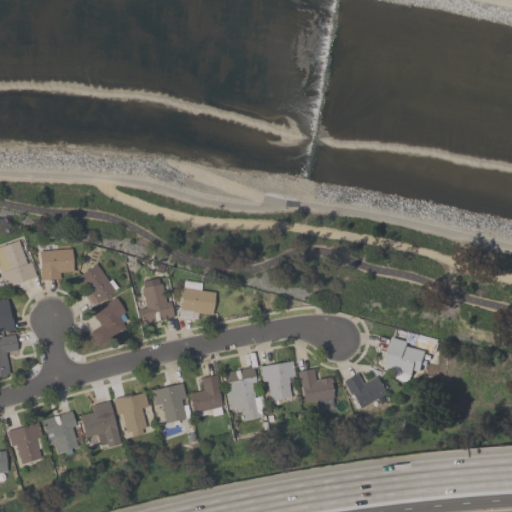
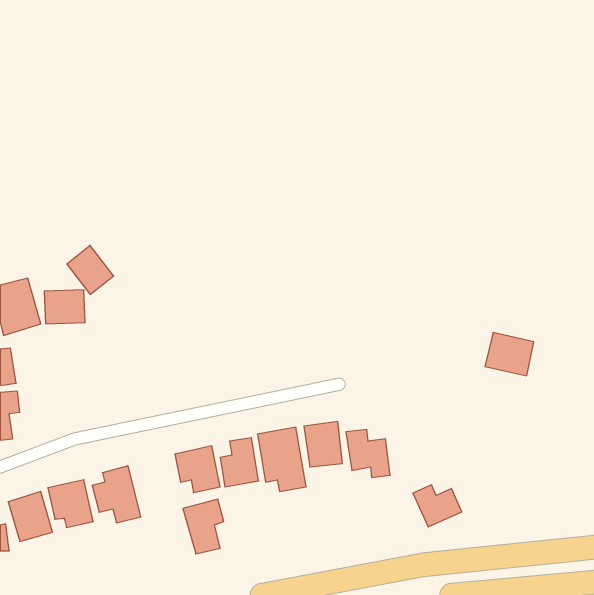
building: [77,263,117,305] -> [67,245,114,294]
building: [180,281,216,316] -> none
building: [138,282,173,325] -> none
building: [90,298,127,345] -> none
building: [384,341,426,378] -> [485,333,534,376]
building: [344,373,386,409] -> [413,485,462,527]
building: [114,391,149,438] -> [183,499,224,554]

